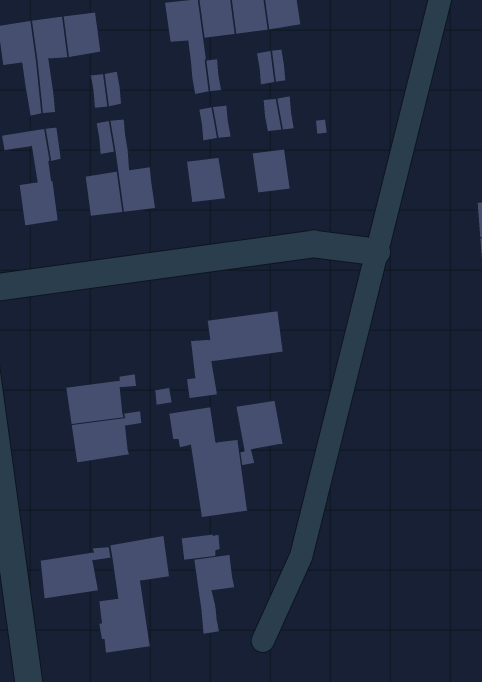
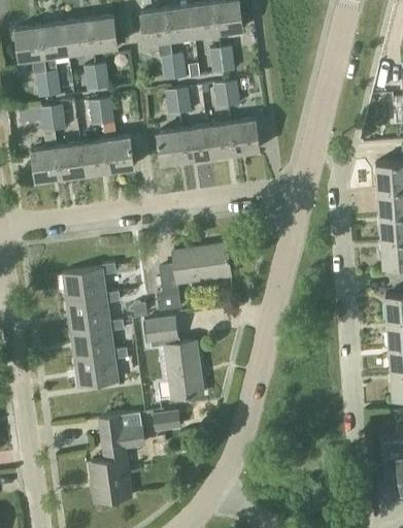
building: none -> [89,16,117,50]
building: none -> [231,119,260,153]
building: none -> [181,126,210,160]
building: none -> [57,143,85,176]
building: none -> [62,263,115,302]
building: [236,400,283,466] -> none
building: [40,547,111,599] -> [74,349,128,388]
building: [194,554,235,635] -> none

